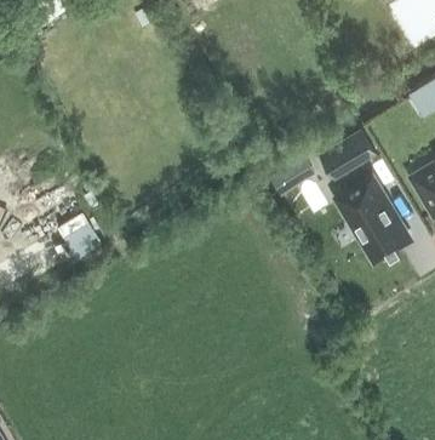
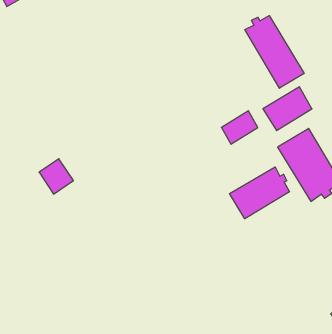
building: none -> [245,16,304,88]
building: none -> [230,167,289,219]

